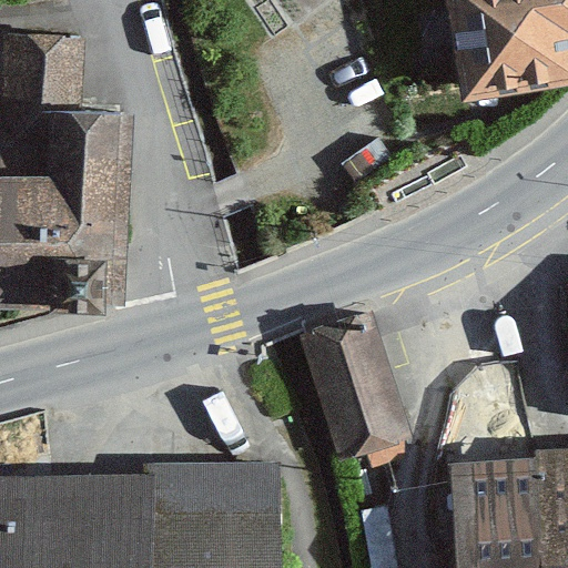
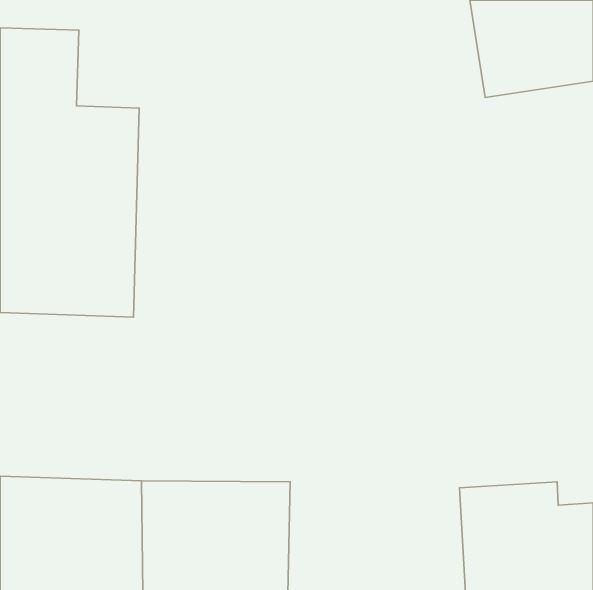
building: [292,315,410,464] -> none

